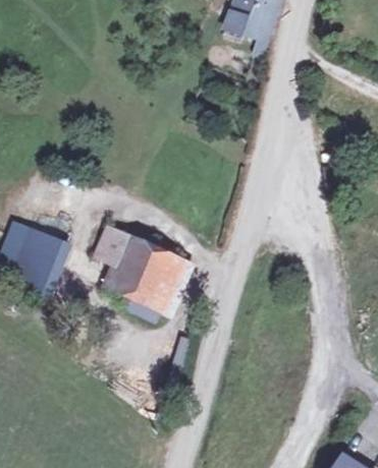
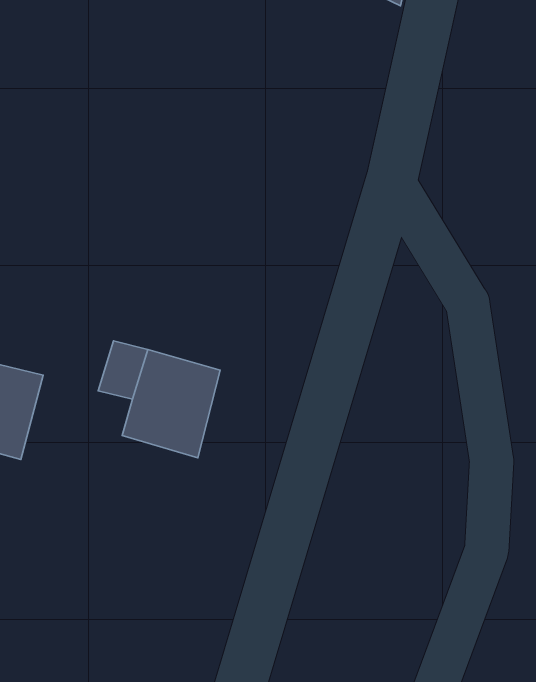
building: [150,248,184,306] -> none

